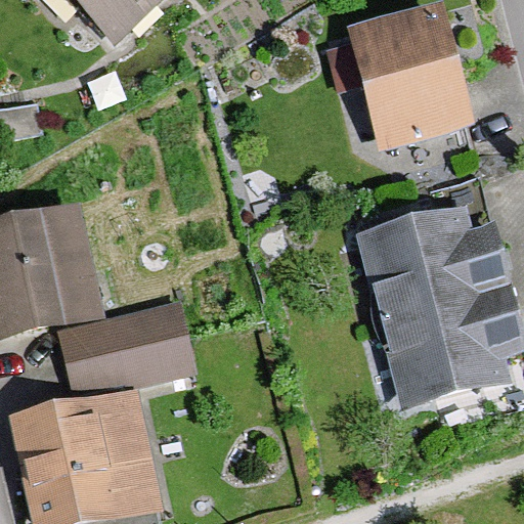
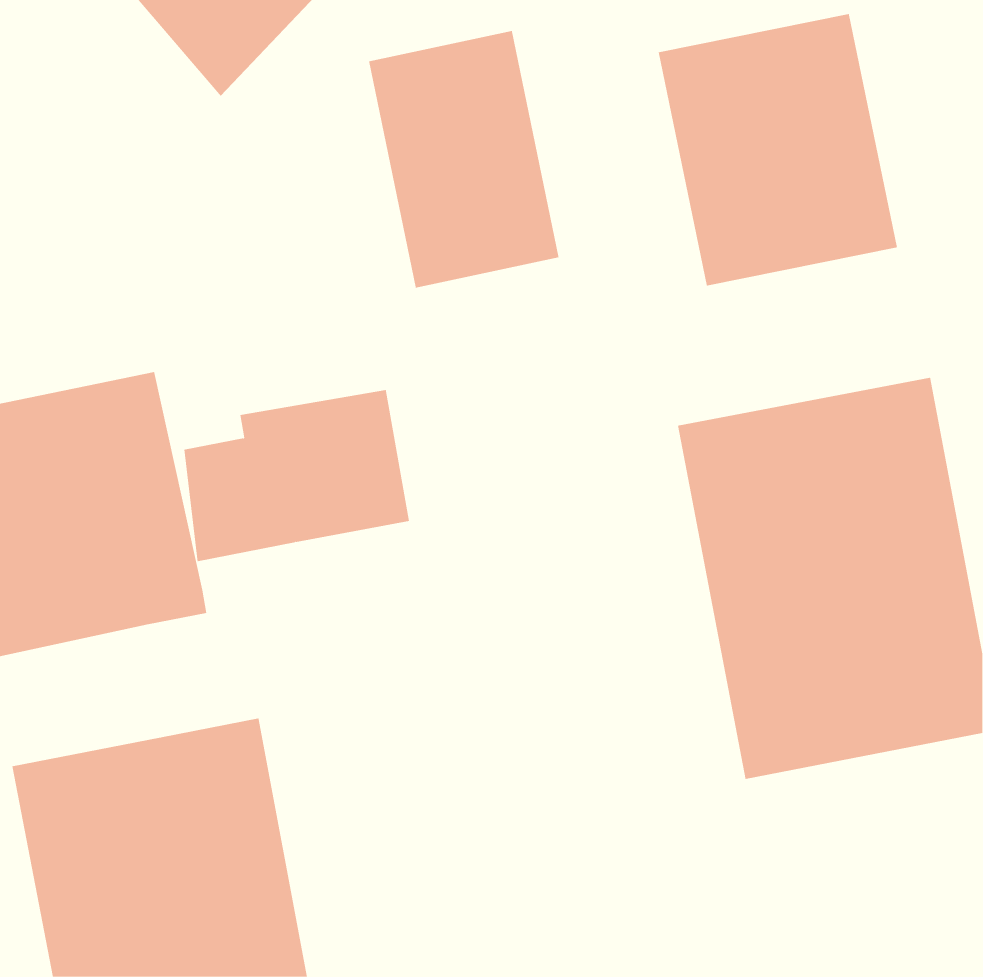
building: none -> [368,30,559,289]
building: [78,299,198,390] -> [183,390,410,562]

